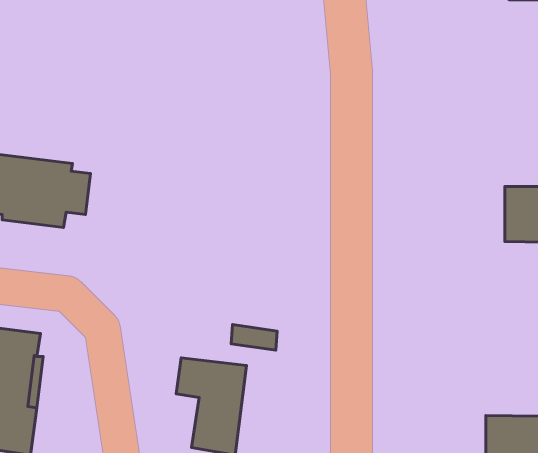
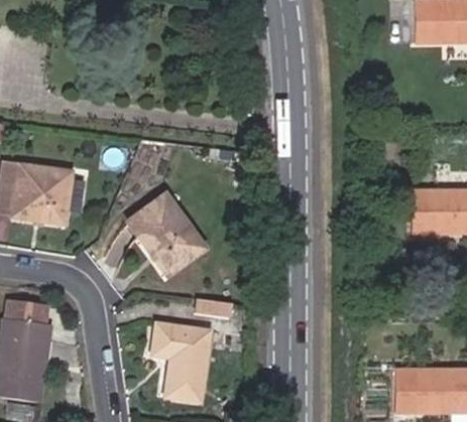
building: none -> [128,194,204,274]

